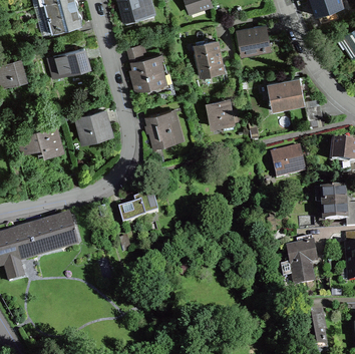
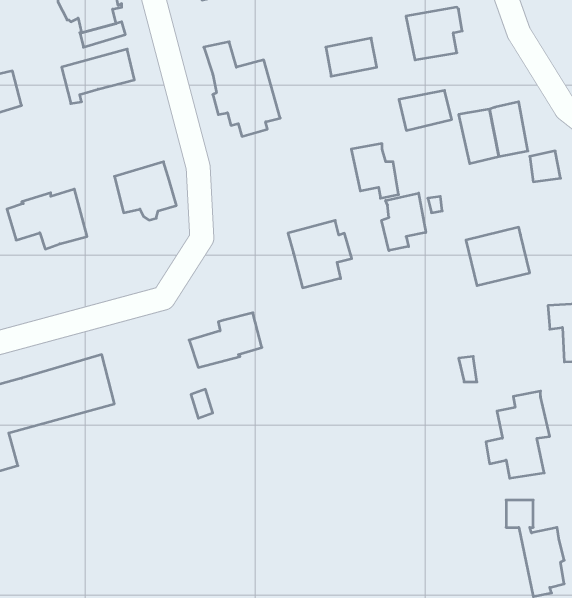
building: [197,58,226,80] -> [399,90,452,130]
building: [145,110,181,147] -> [288,220,352,288]
building: none -> [382,193,426,251]

